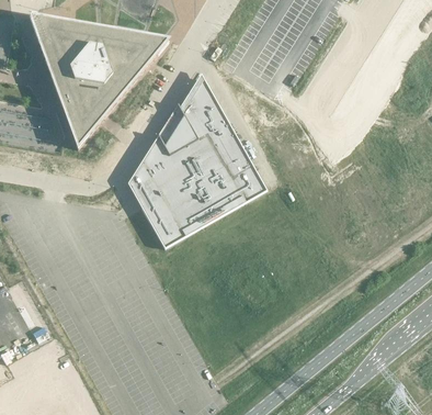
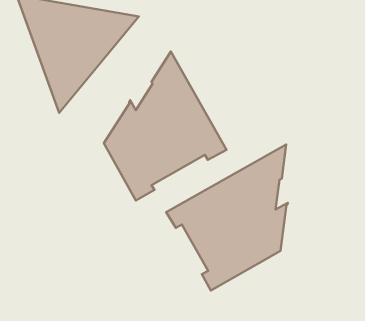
building: none -> [166,144,288,290]

